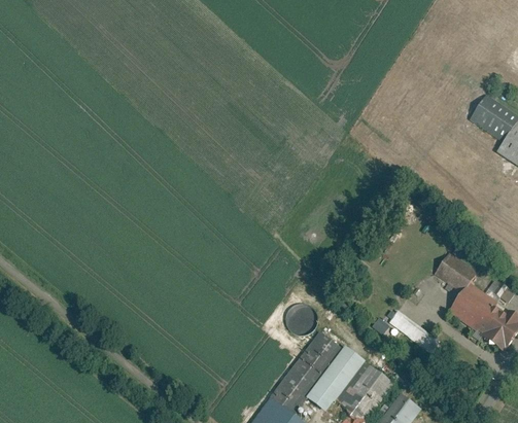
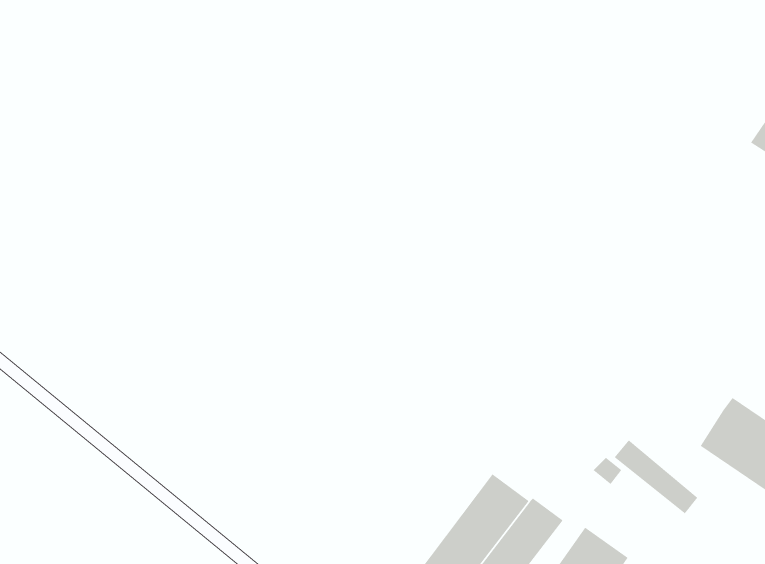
building: [433,249,478,291] -> none
building: [284,301,315,330] -> none

